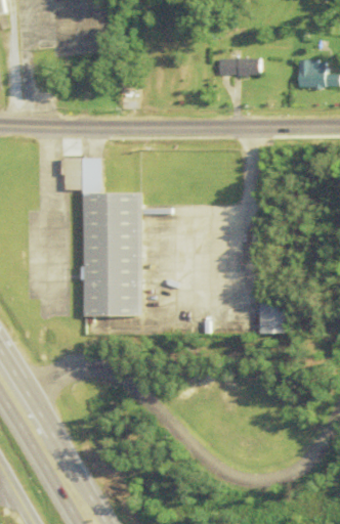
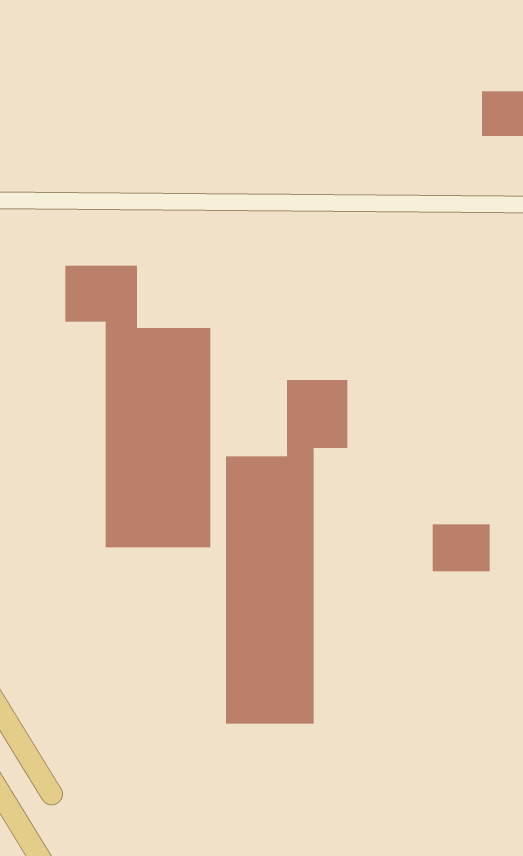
building: [223,58,256,75] -> none
building: none -> [225,379,348,725]

